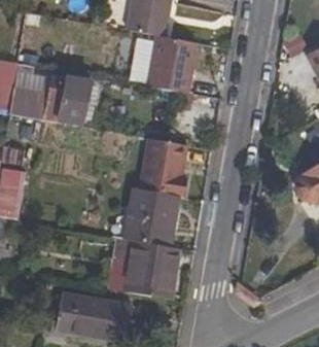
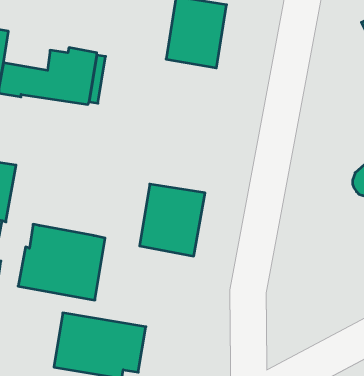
building: [147,148,192,194] -> none
building: [107,236,178,298] -> [18,224,105,300]

